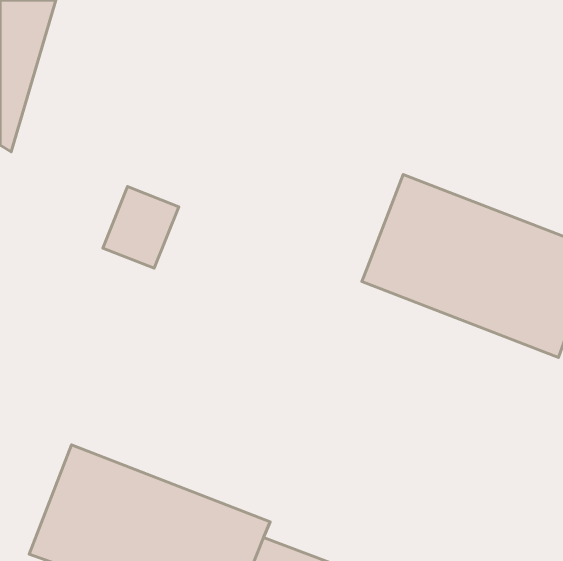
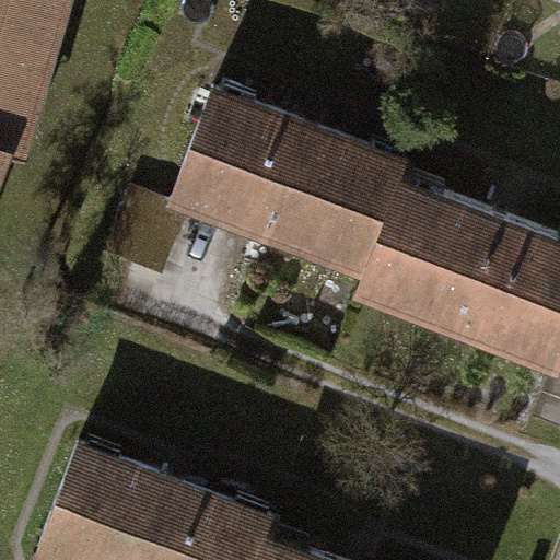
building: none -> [172,90,408,271]

